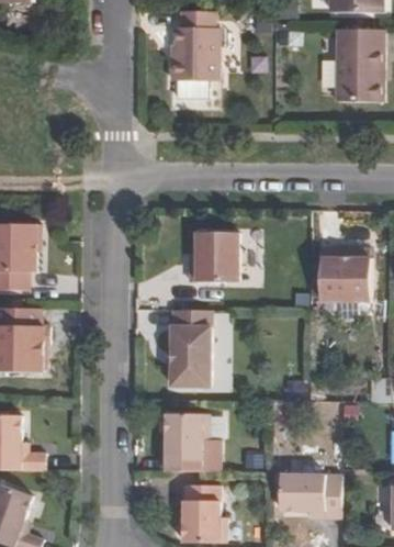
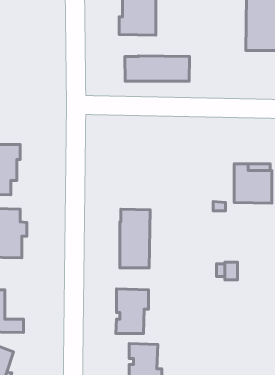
building: none -> [125,56,190,81]
building: [188,233,238,282] -> none
building: [279,473,340,517] -> none

